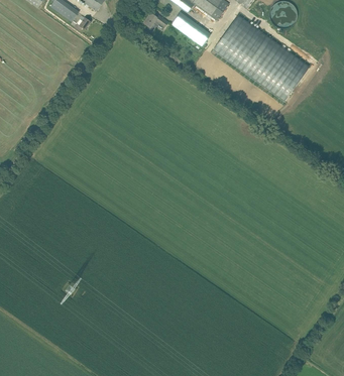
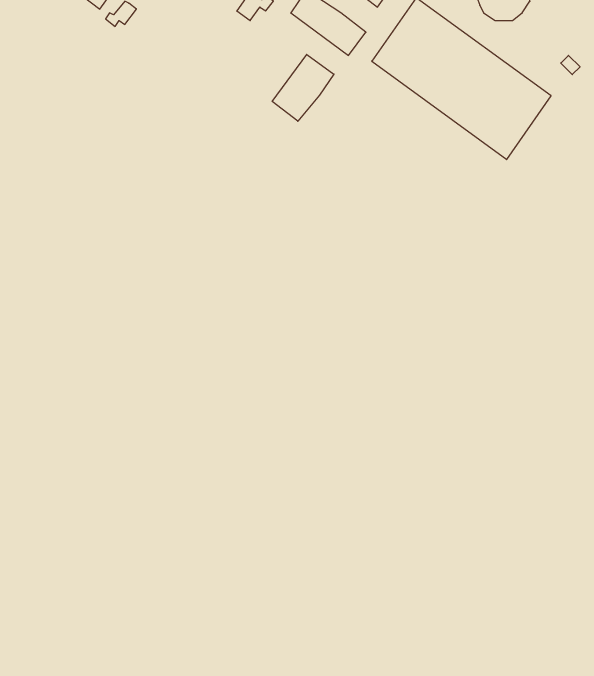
building: none -> [272,54,334,121]

